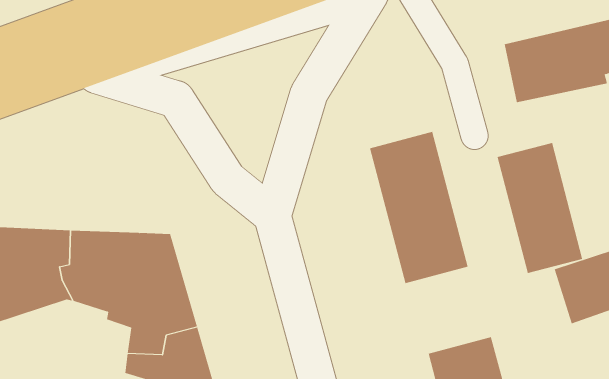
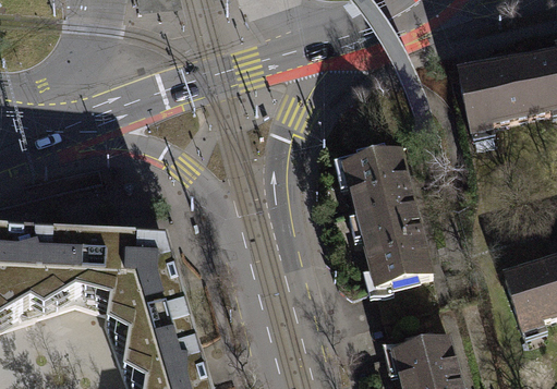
building: [497,142,583,274] -> none

